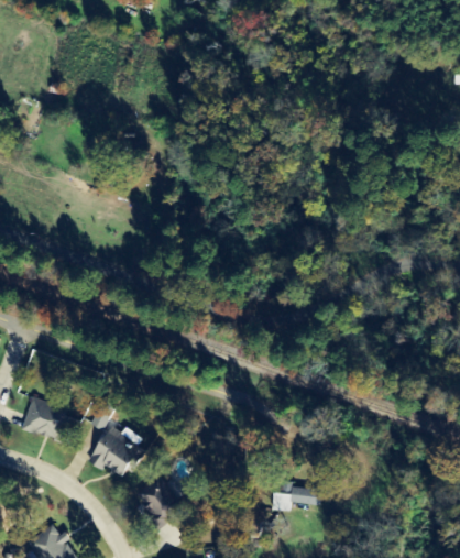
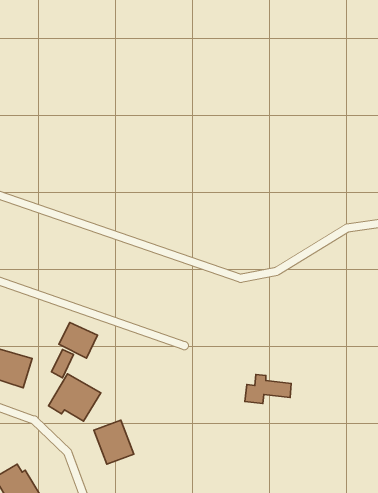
building: none -> [59,323,97,358]
building: [270,479,320,511] -> [245,374,291,404]

